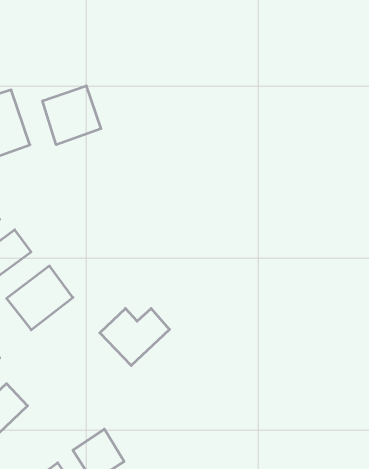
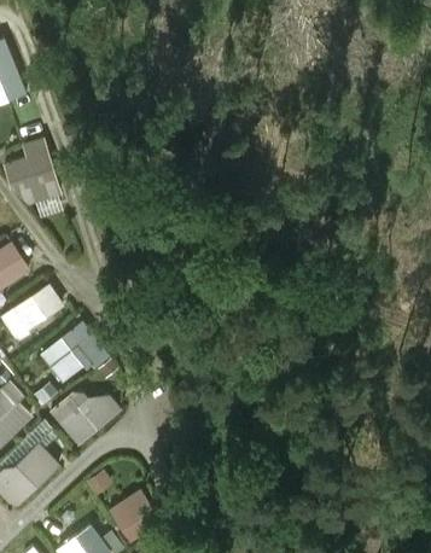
building: [43,86,101,145] -> none
building: [100,308,170,366] -> [47,388,120,447]

